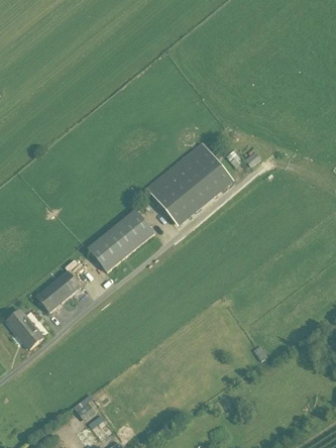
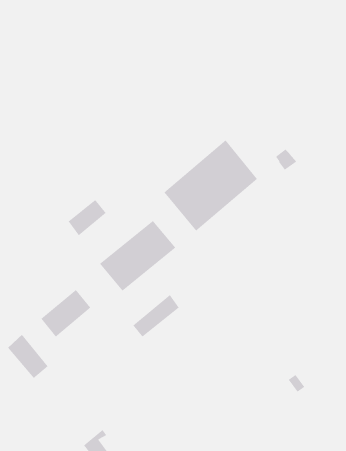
building: none -> [68,199,107,236]
building: none -> [133,294,179,337]

